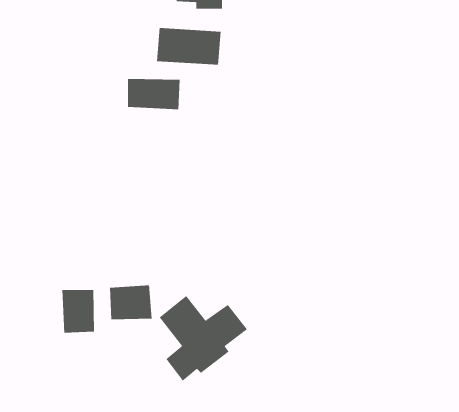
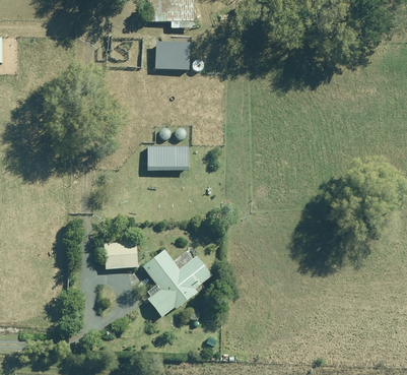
building: [127,78,181,110] -> [147,145,189,170]
building: [62,289,95,334] -> none

